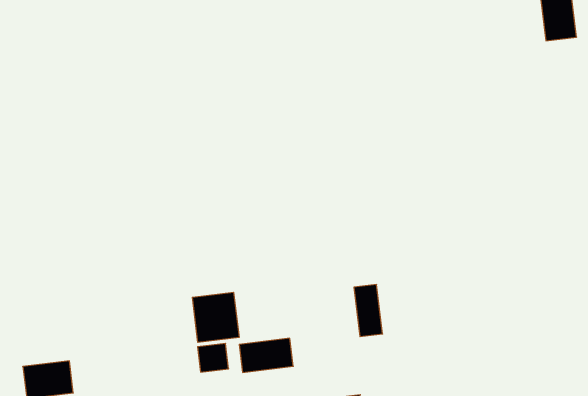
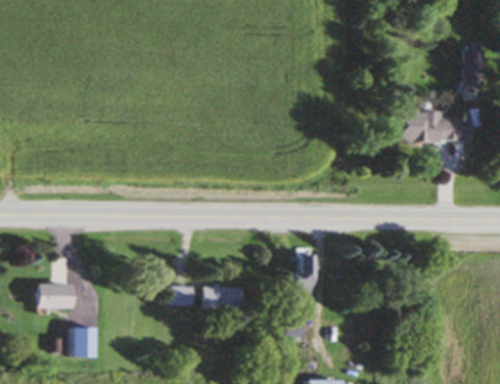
building: none -> [405,113,458,142]
building: [192,292,239,342] -> none

